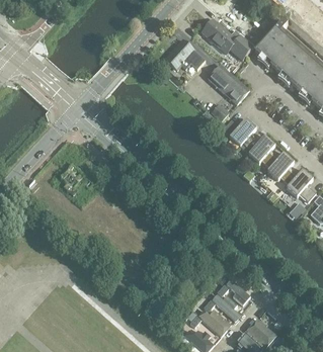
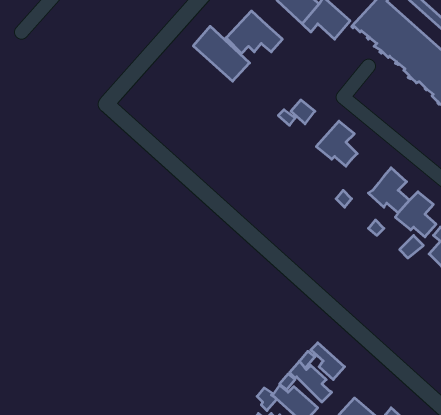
building: [208,64,248,103] -> [193,26,250,81]
building: [248,136,277,168] -> none

